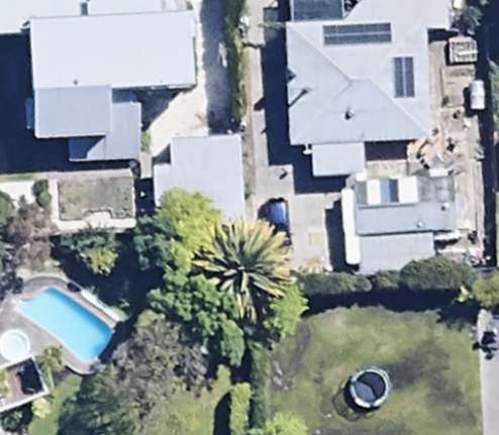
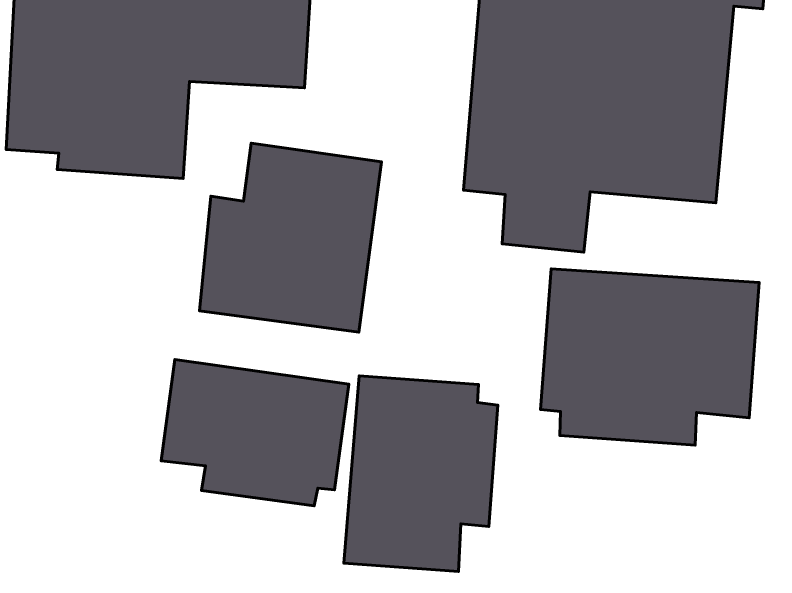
building: none -> [344,376,498,571]
building: none -> [161,359,349,506]

